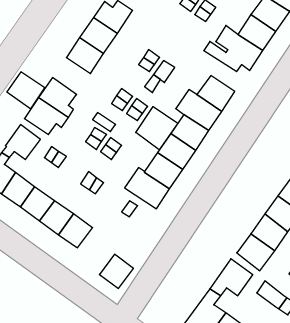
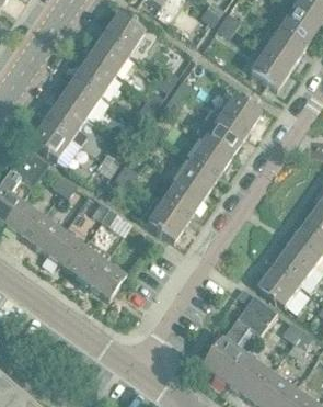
building: [7,72,45,109] -> [60,74,102,114]
building: [136,107,178,150] -> none
building: [99,254,133,288] -> [88,260,125,297]

